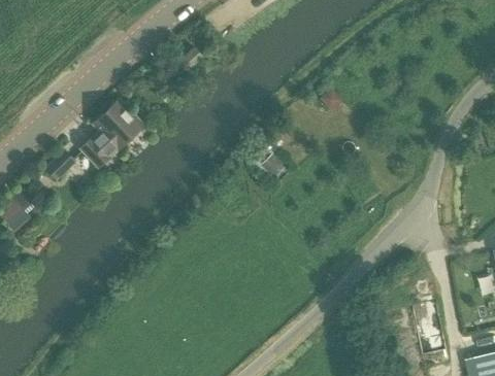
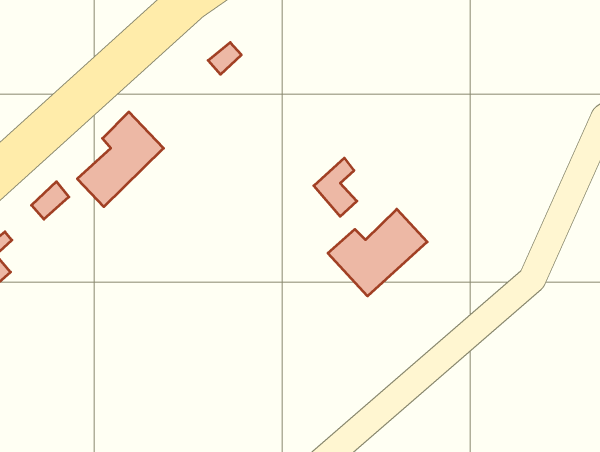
building: none -> [328,209,427,296]

